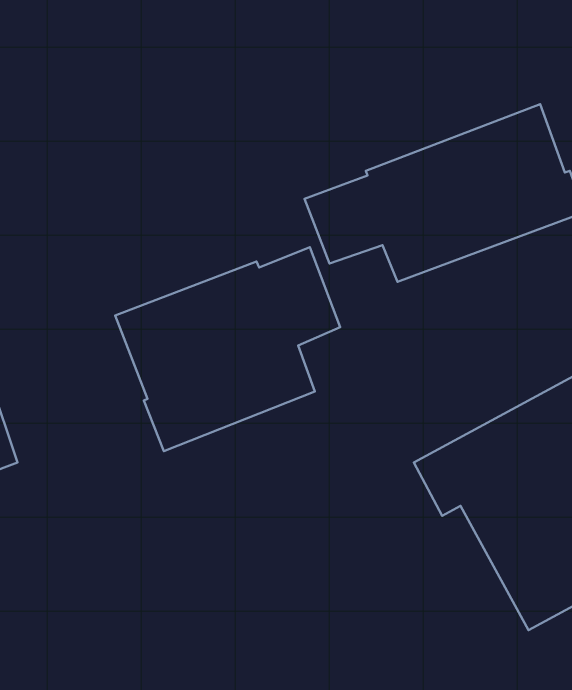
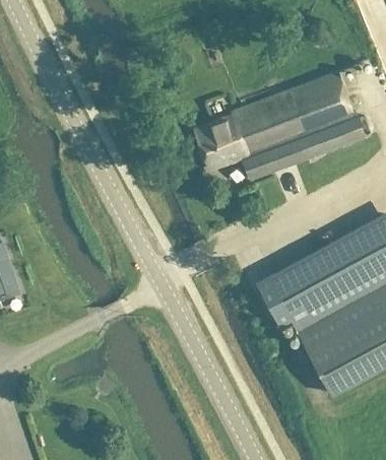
building: [115,247,340,451] -> none

